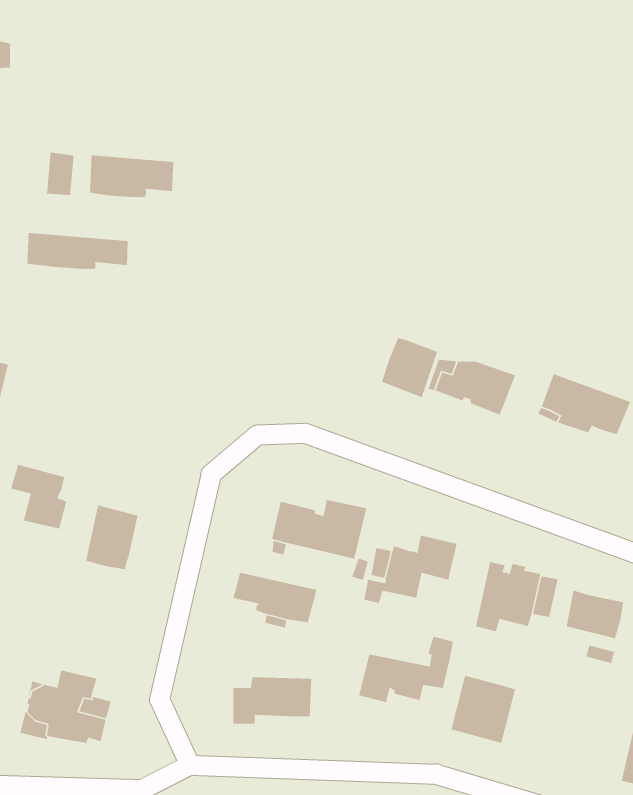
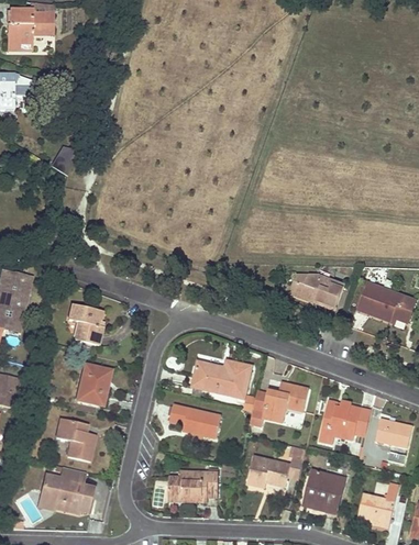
building: [89,155,174,198] -> none
building: [27,232,128,270] -> none
building: [381,337,438,398] -> none
building: [10,464,67,530] -> [67,303,102,344]
building: none -> [55,418,95,460]
building: none -> [356,482,398,527]

